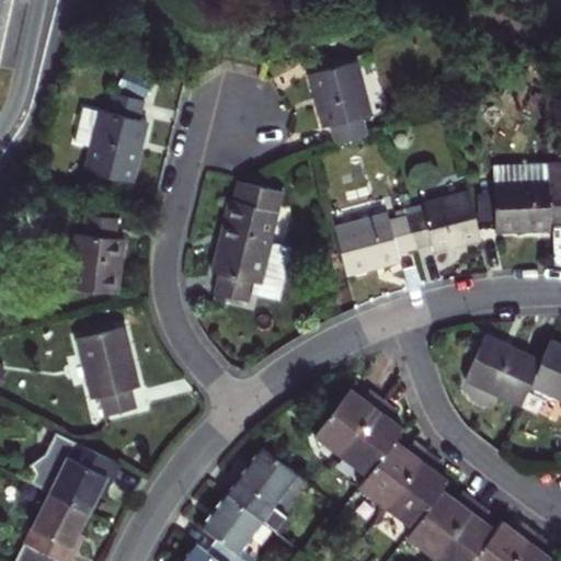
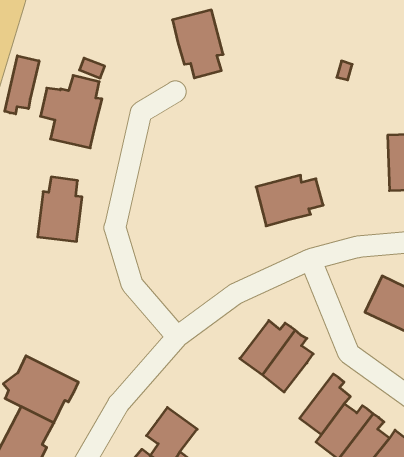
building: [310,64,371,146] -> [172,10,223,78]
building: none -> [5,56,39,114]
building: [213,184,290,304] -> none
building: [407,194,481,253] -> none
building: [78,321,139,417] -> none
building: [360,442,427,508] -> none
building: [227,448,298,531] -> none

